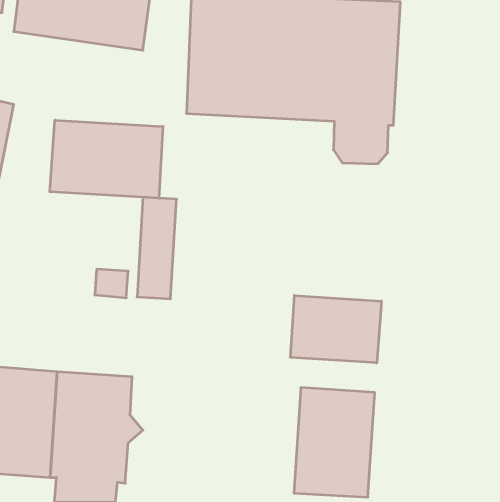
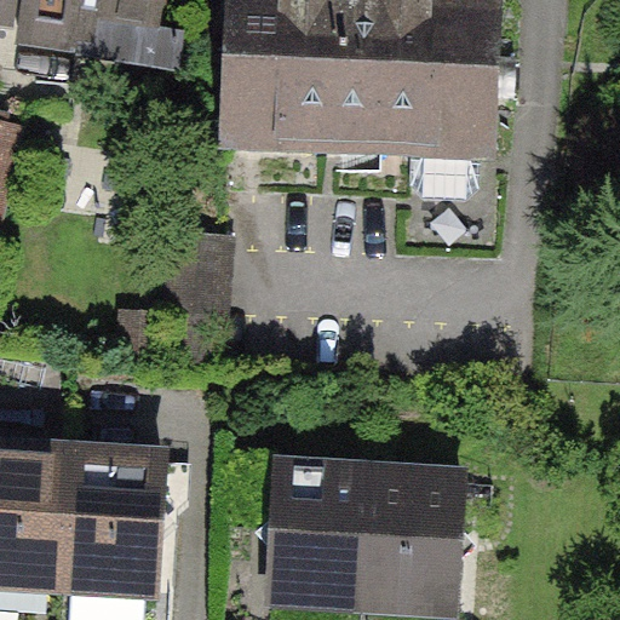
building: [50,120,163,198] -> none
building: [290,295,381,363] -> none
building: none -> [268,470,369,605]

